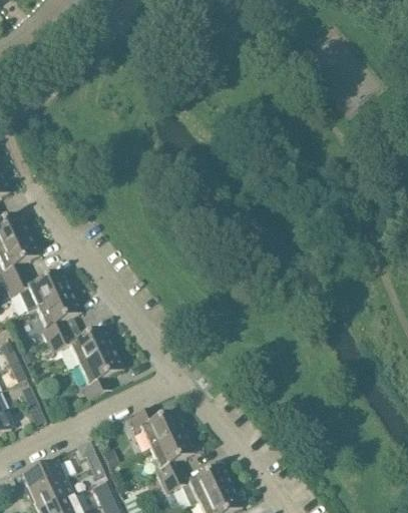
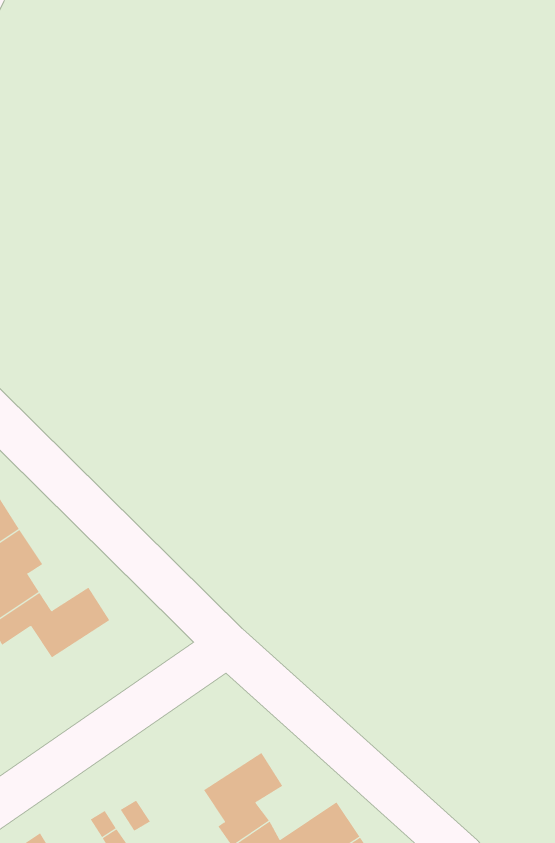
building: [77,348,122,398] -> none
building: [129,407,184,448] -> none

